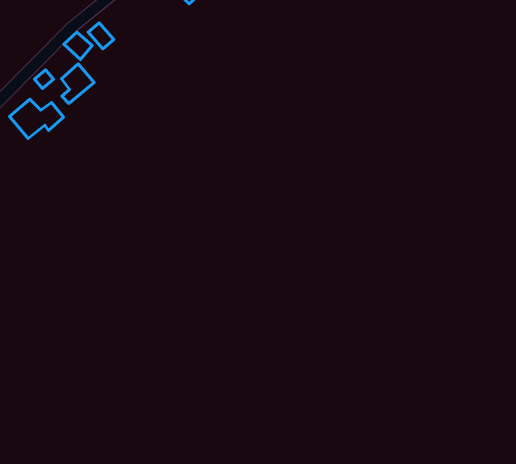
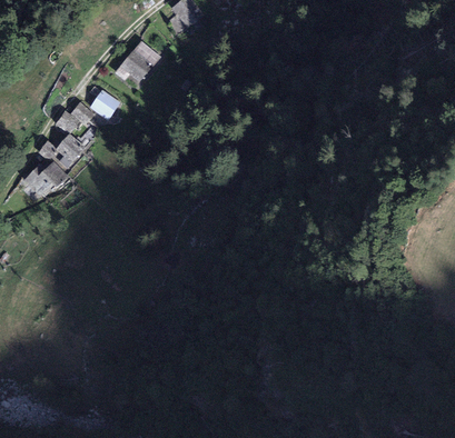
building: none -> [89,90,119,119]

